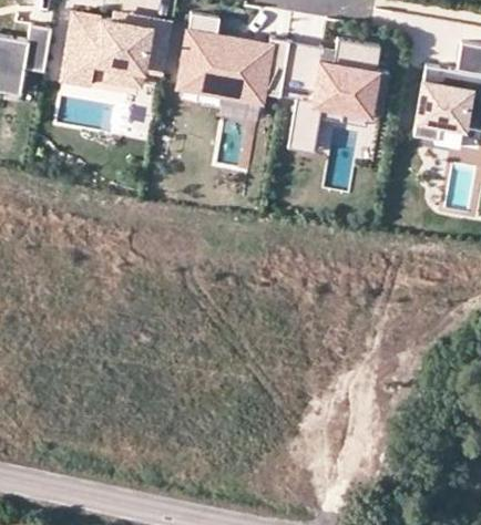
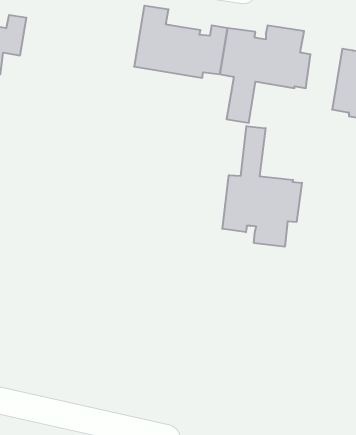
building: [61,16,171,86] -> none
building: none -> [222,126,302,247]

